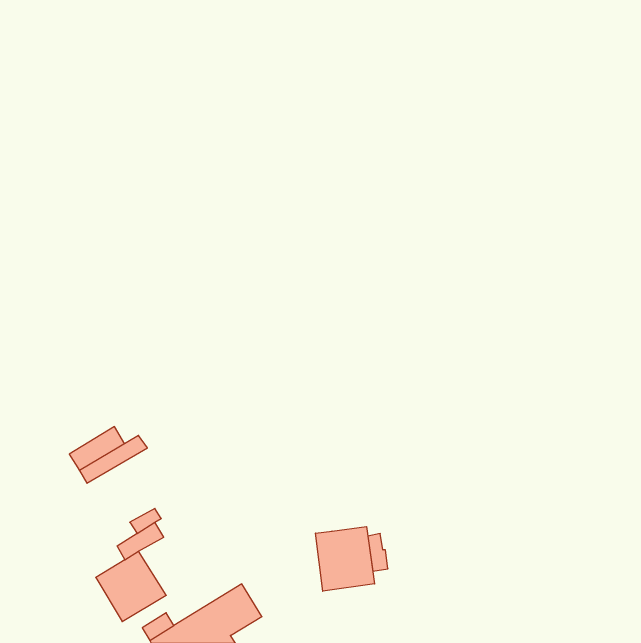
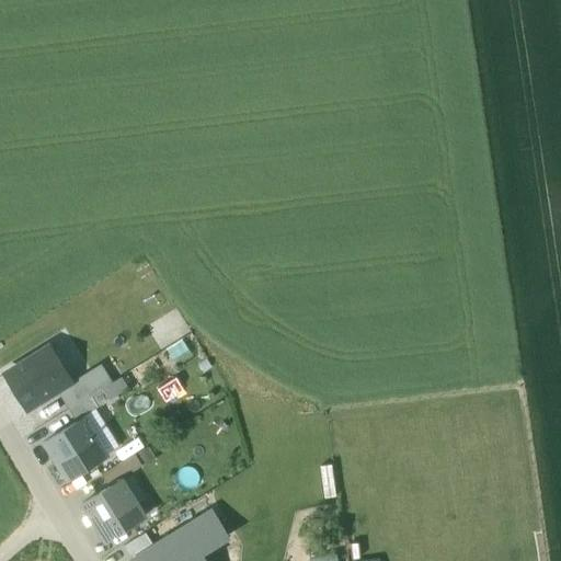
building: none -> [8,348,72,409]
building: none -> [48,420,108,479]
building: [316,527,375,591] -> none

